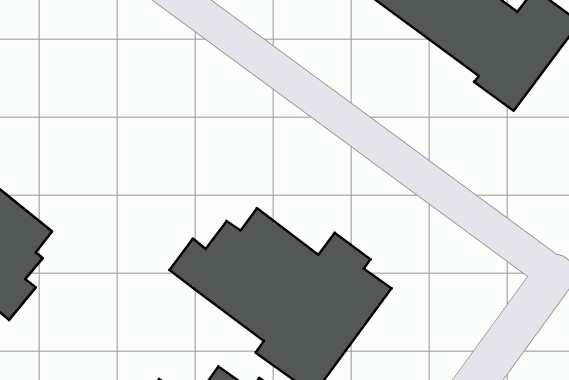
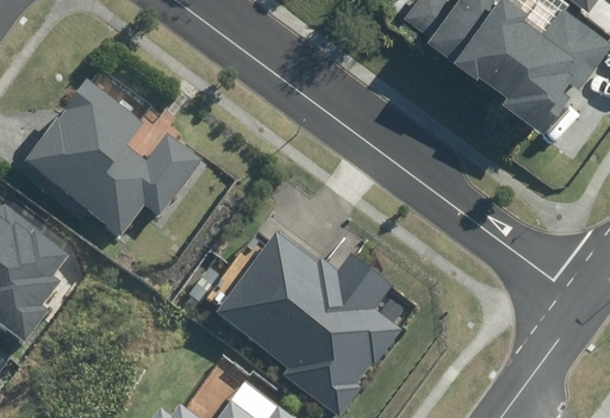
building: none -> [20,77,204,236]

